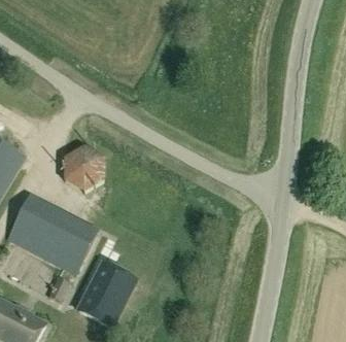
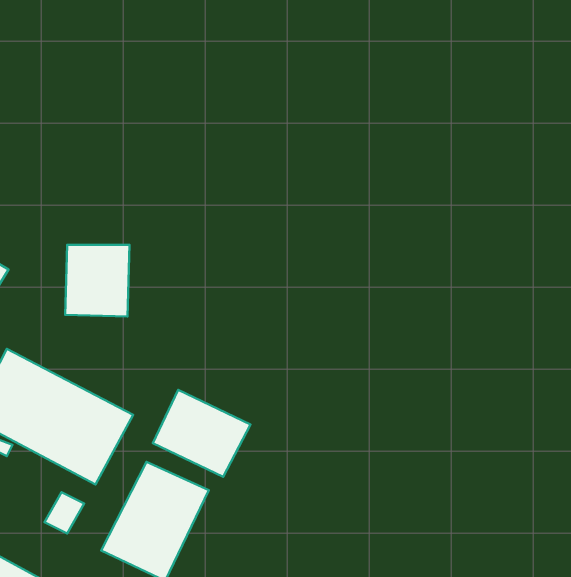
building: none -> [153,390,250,477]

